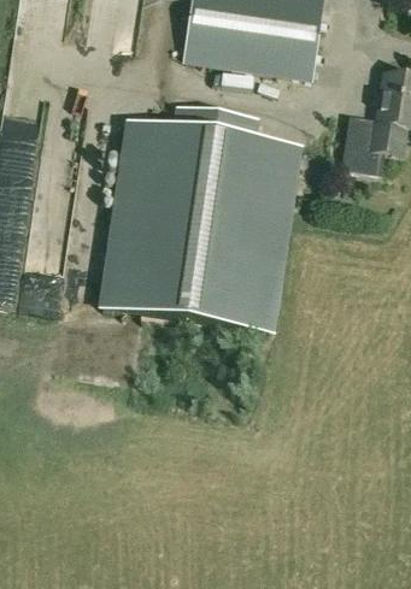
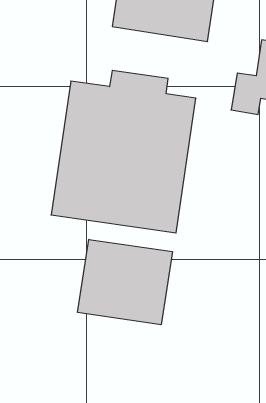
building: none -> [78,239,172,325]

